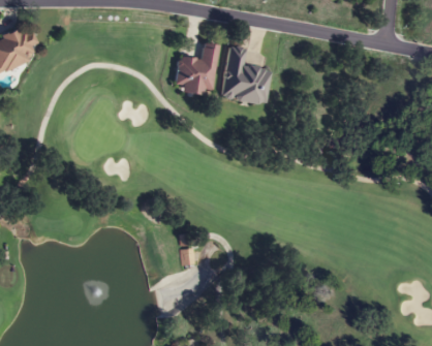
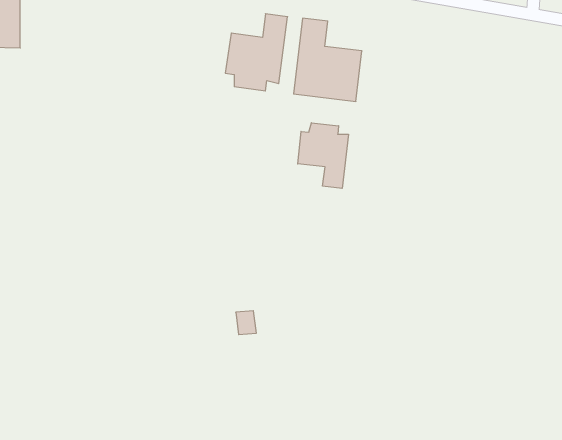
building: none -> [298,123,348,188]

